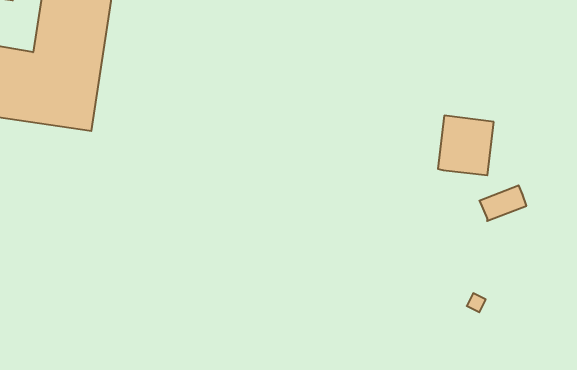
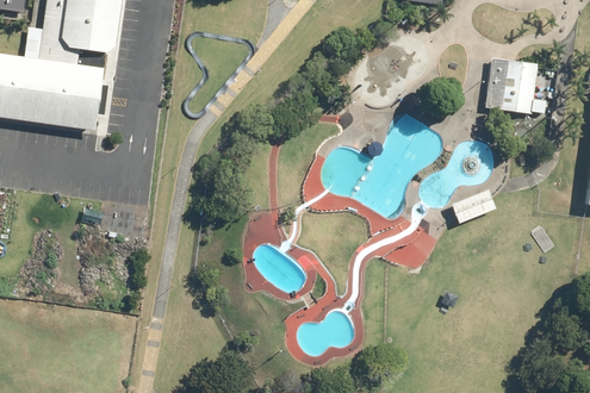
building: [438,116,494,175] -> [489,57,541,113]

